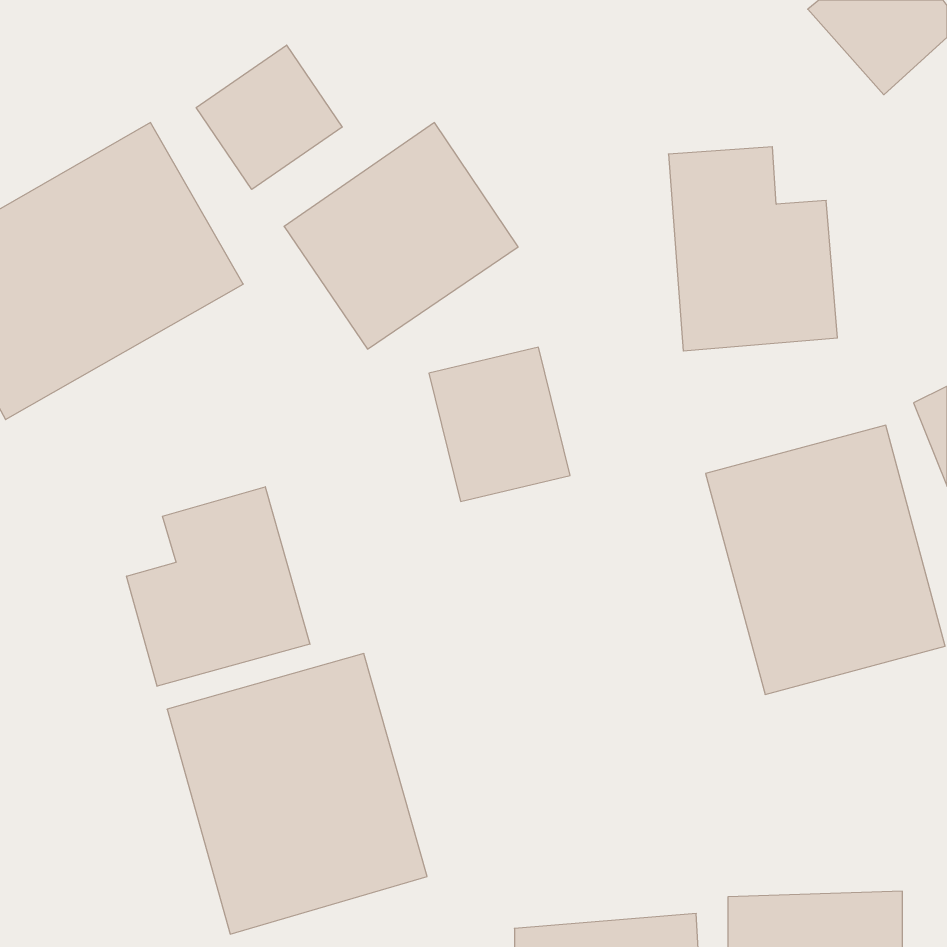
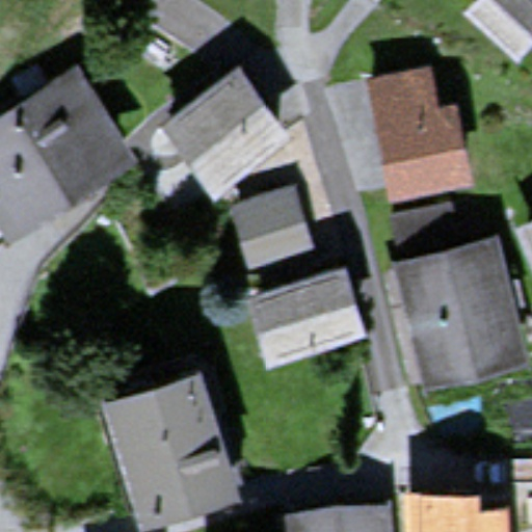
building: [196,45,342,189] -> none
building: none -> [243,271,362,366]
building: [127,487,310,686] -> none

